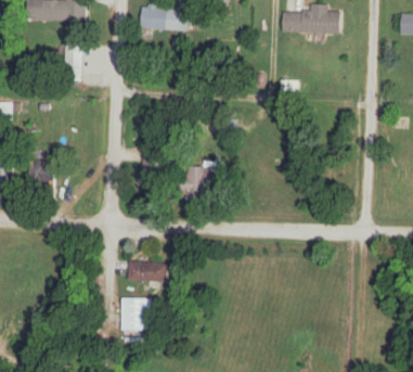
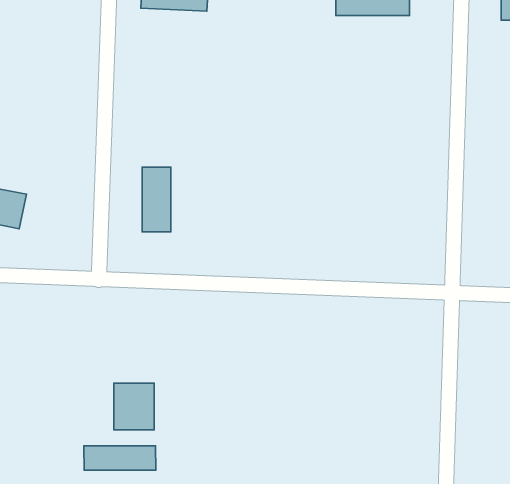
building: [188,166,221,194] -> none
building: [127,261,166,281] -> none
building: none -> [84,446,156,470]

